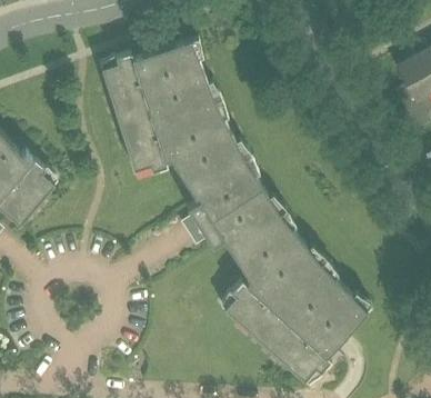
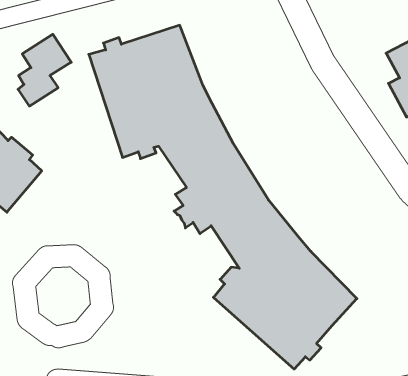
building: none -> [18,34,71,106]

